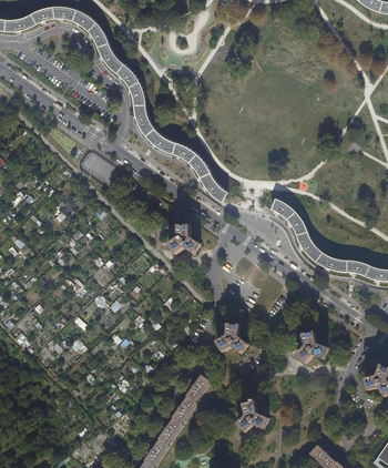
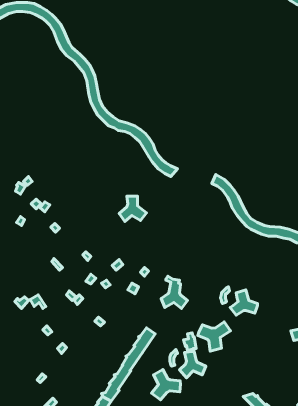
building: none -> [198,322,230,351]
building: none -> [151,369,180,400]

